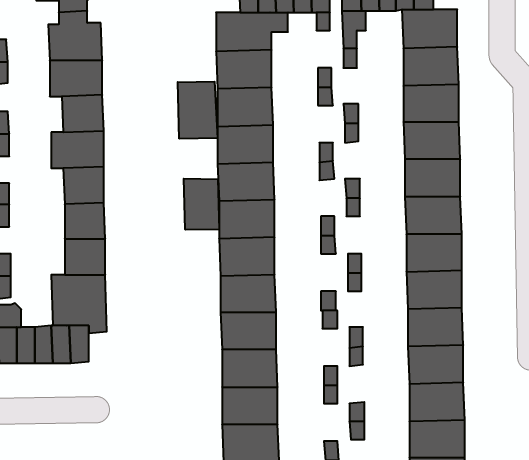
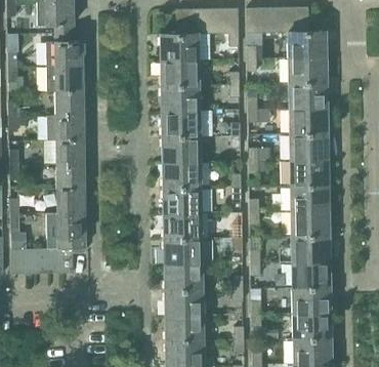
building: [178,82,218,139] -> none
building: [184,179,219,230] -> none

